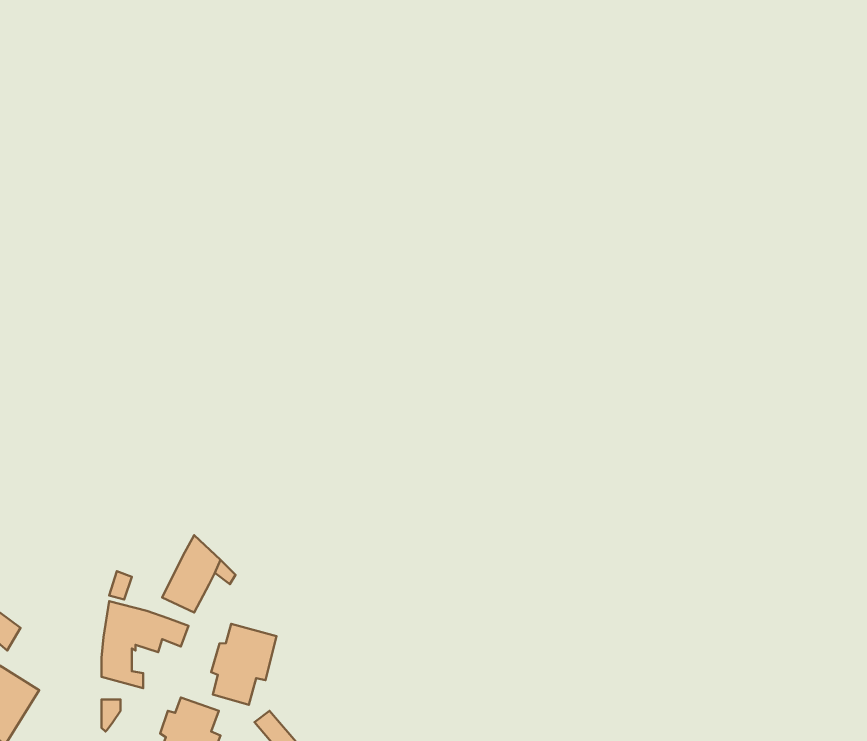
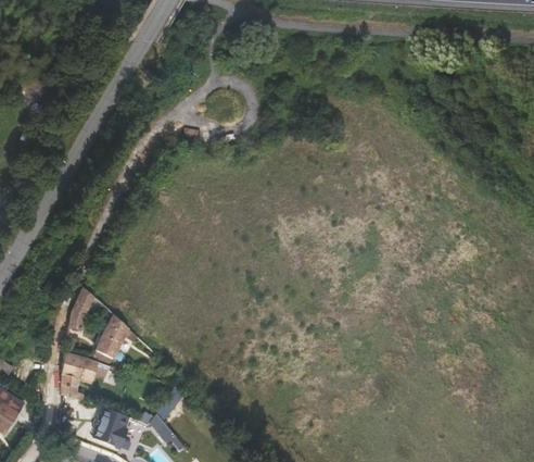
building: none -> [67,287,97,330]
building: [211,624,277,705] -> none

